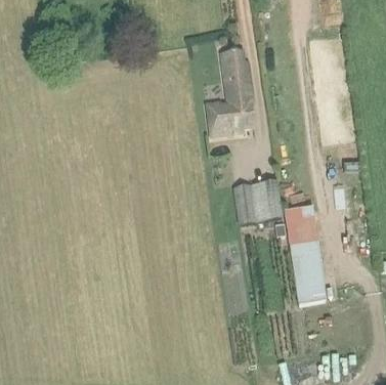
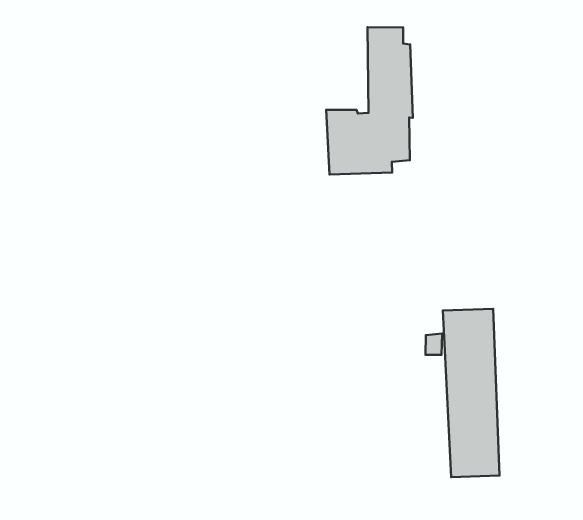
building: [232,179,283,223] -> none

